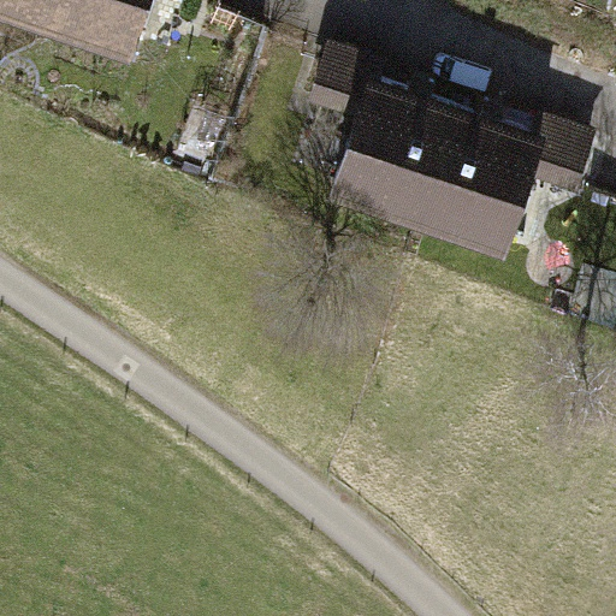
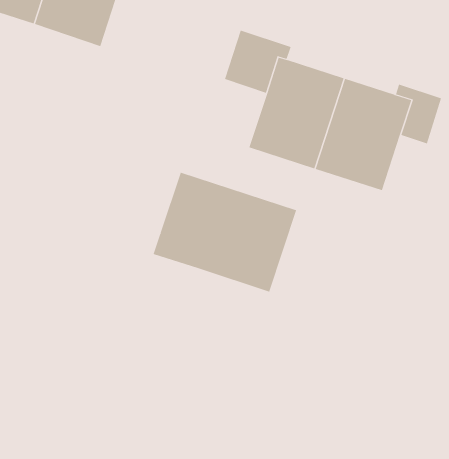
building: none -> [153,172,297,292]

